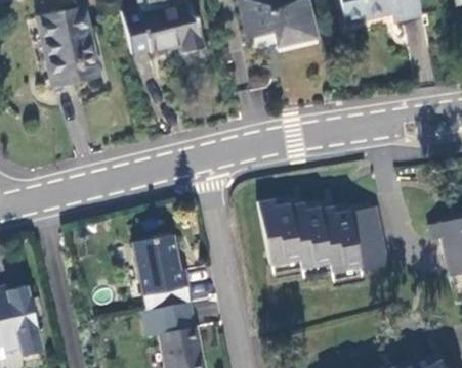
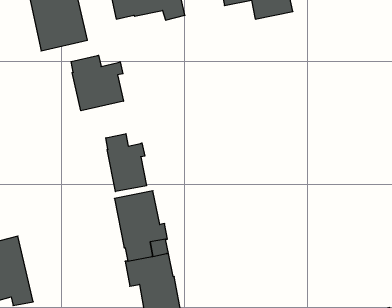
building: none -> [71,55,123,111]
building: none -> [106,134,146,192]
building: [257,197,386,271] -> none

